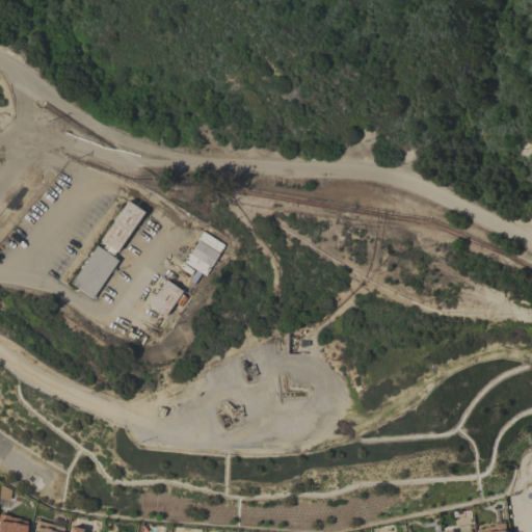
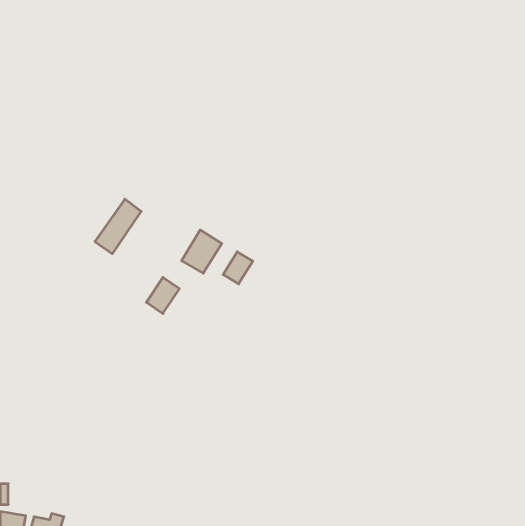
building: [71,246,118,299] -> none
building: none -> [223,252,253,284]

